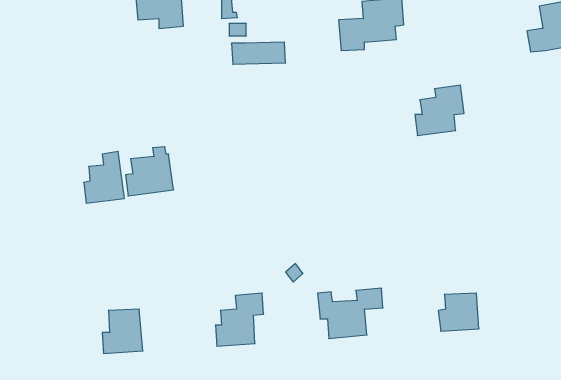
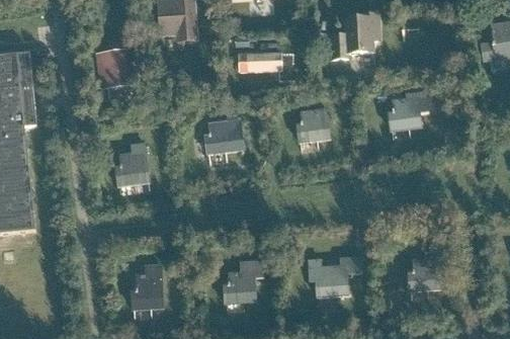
building: none -> [96,50,131,93]
building: none -> [296,108,330,142]
building: [126,147,174,196] -> [204,113,244,154]

